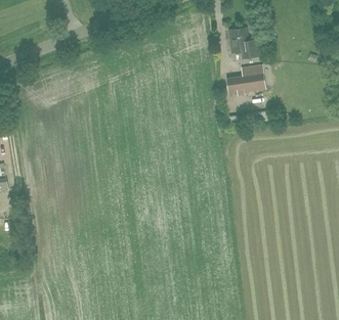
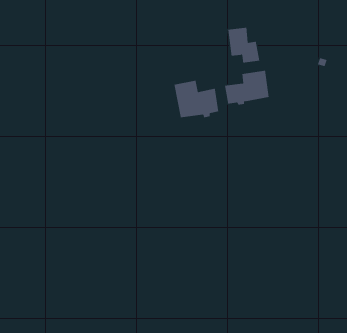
building: none -> [174,80,219,118]

